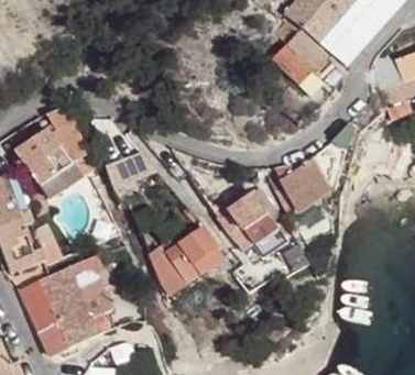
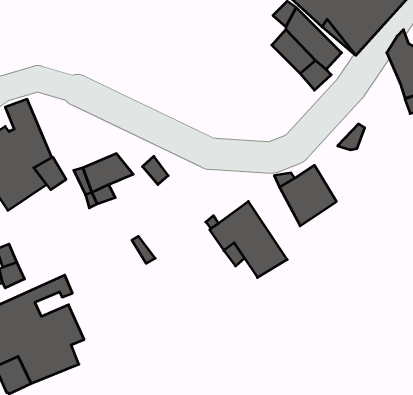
building: [154,228,223,297] -> none

